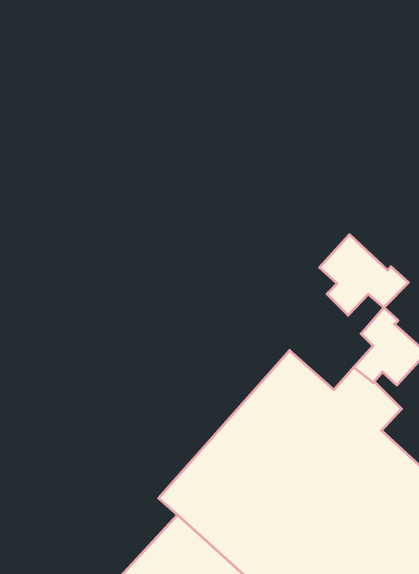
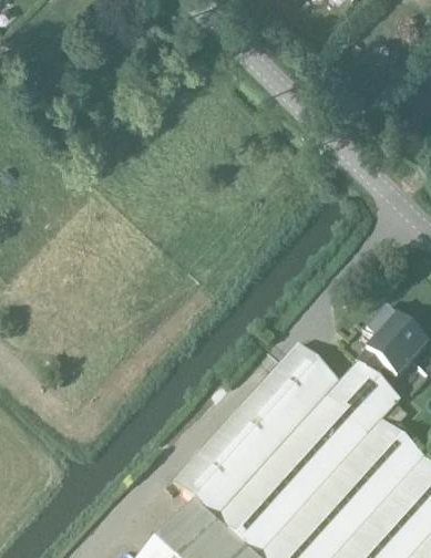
building: [320,235,408,315] -> none

